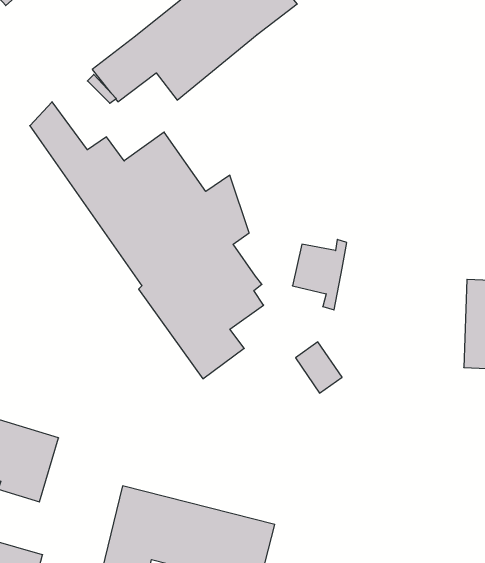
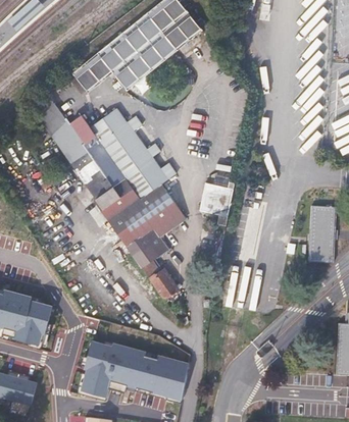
building: [296,342,342,393] -> [150,268,180,301]

